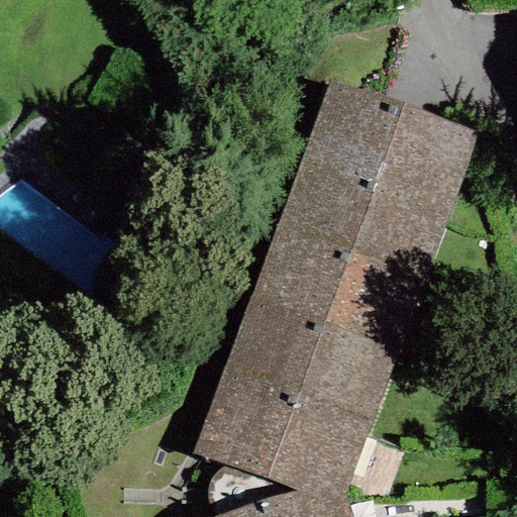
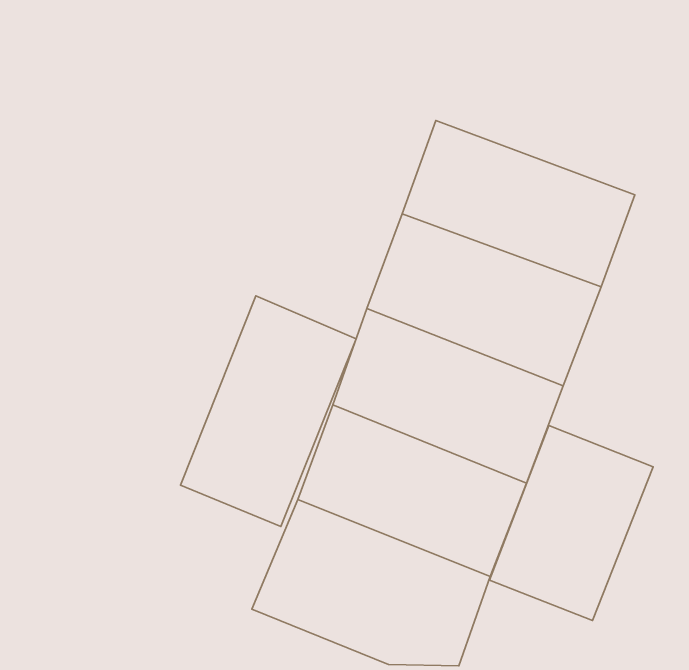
building: none -> [181,296,356,526]
building: none -> [489,425,653,621]

